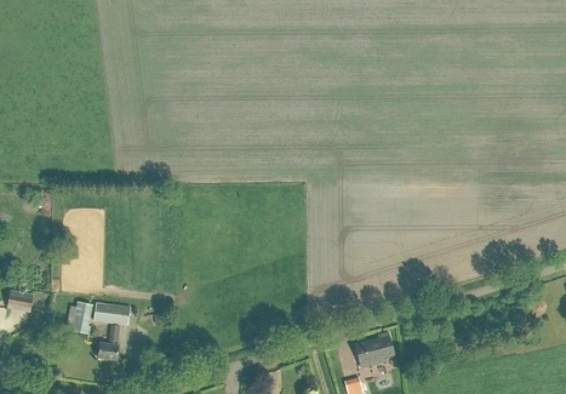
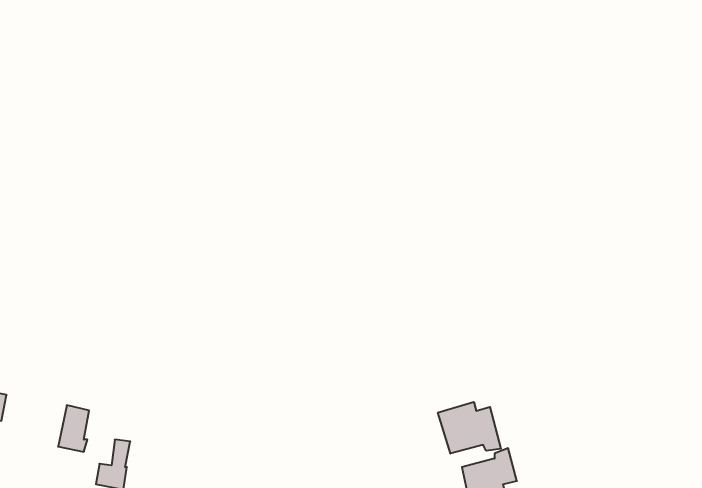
building: none -> [438,402,501,454]
building: [93,302,130,325] -> none

